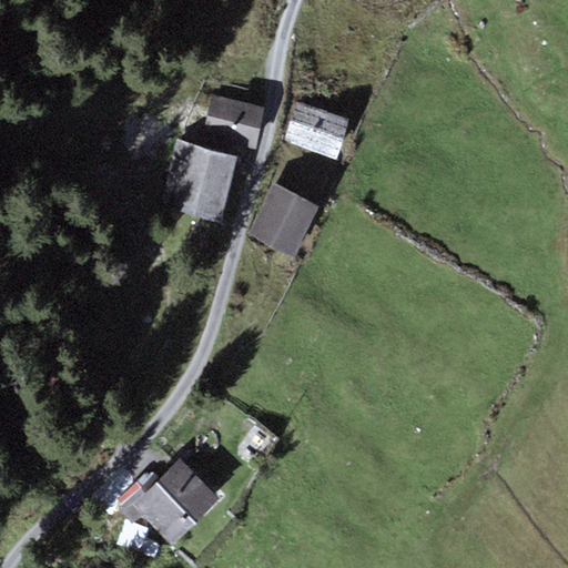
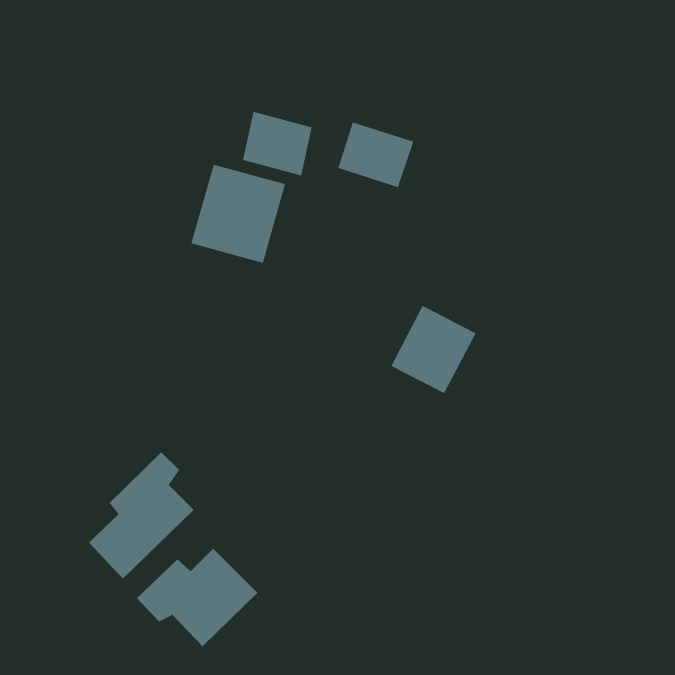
building: [247,183,320,257] -> [390,305,476,394]
building: none -> [88,452,194,579]

